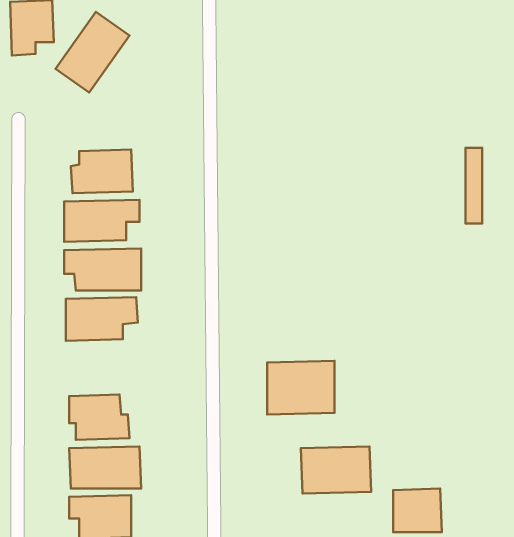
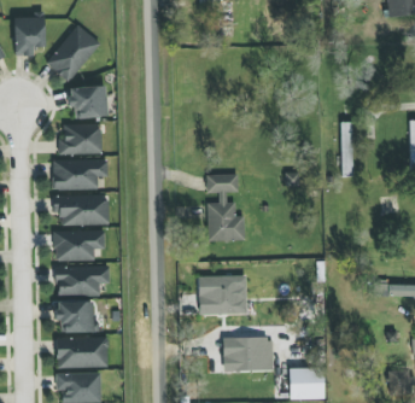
building: none -> [68,86,106,117]
building: none -> [206,174,244,240]
building: none -> [55,265,109,294]

